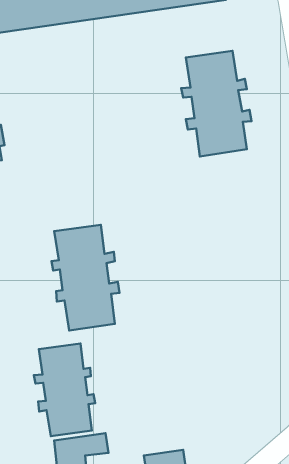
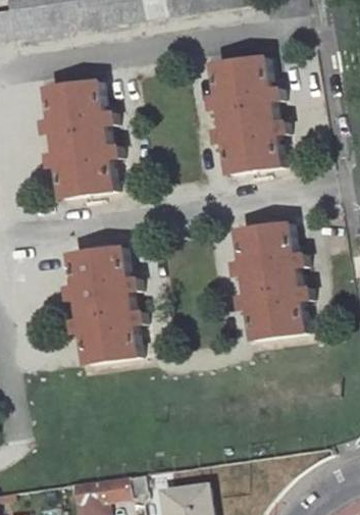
building: none -> [42,81,117,197]
building: none -> [233,223,307,339]
building: [34,343,95,436] -> none

